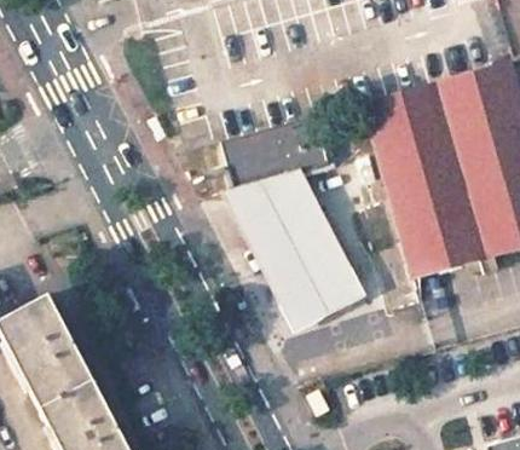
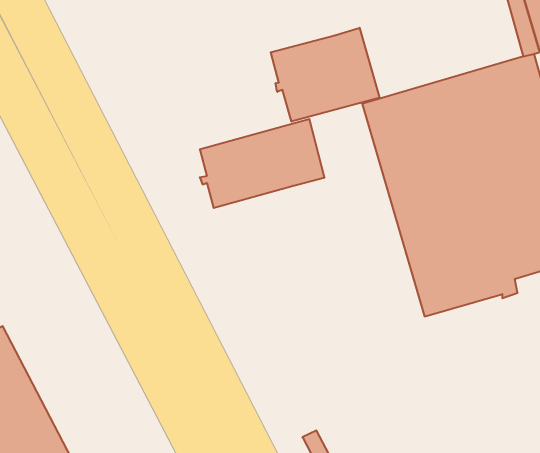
building: none -> [271,28,379,122]
building: [224,174,366,334] -> none

